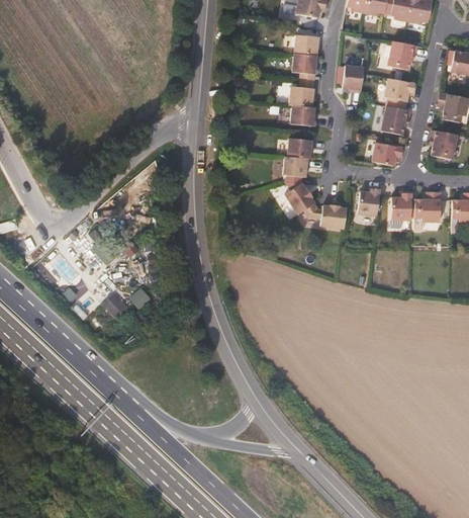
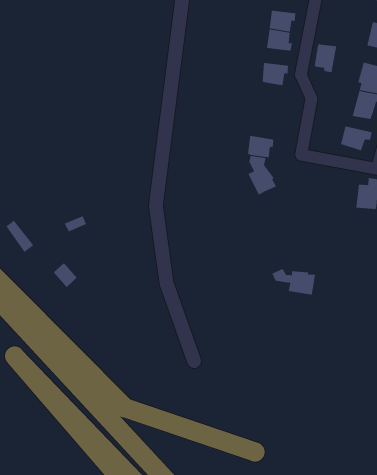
building: [291,105,316,126] -> none
building: [286,140,312,160] -> none
building: [359,189,381,218] -> none
building: [302,205,346,230] -> [271,268,316,295]

